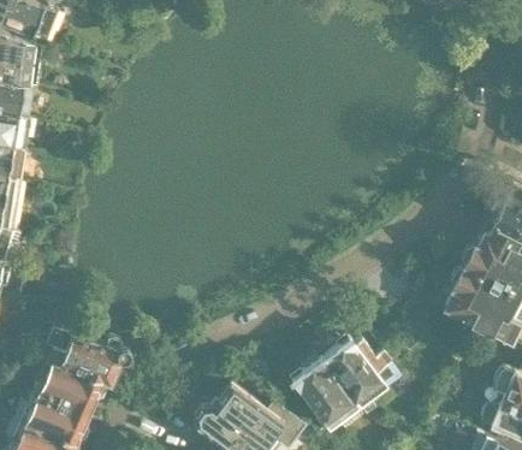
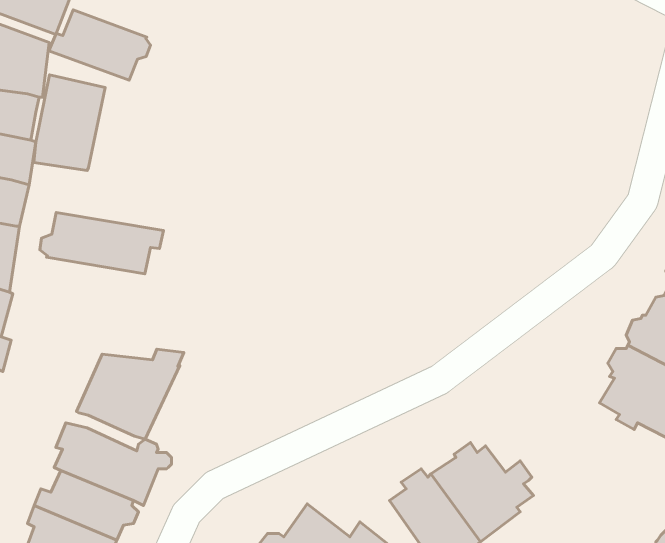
building: none -> [49,10,150,80]
building: none -> [34,75,105,171]
building: none -> [40,213,164,274]
building: none -> [77,349,184,439]

